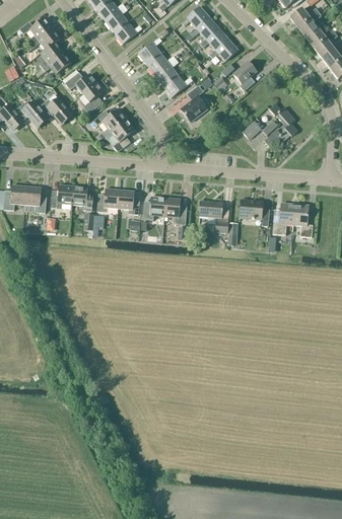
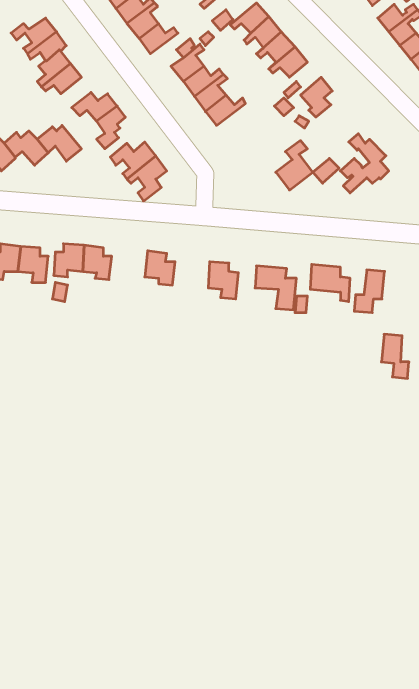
building: [180,85,207,122] -> [276,141,313,190]
building: [96,188,120,211] -> none
building: [143,196,165,219] -> none
building: [292,204,313,236] -> [381,334,409,378]

